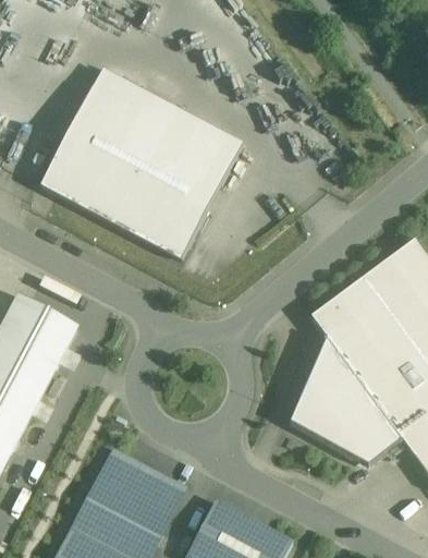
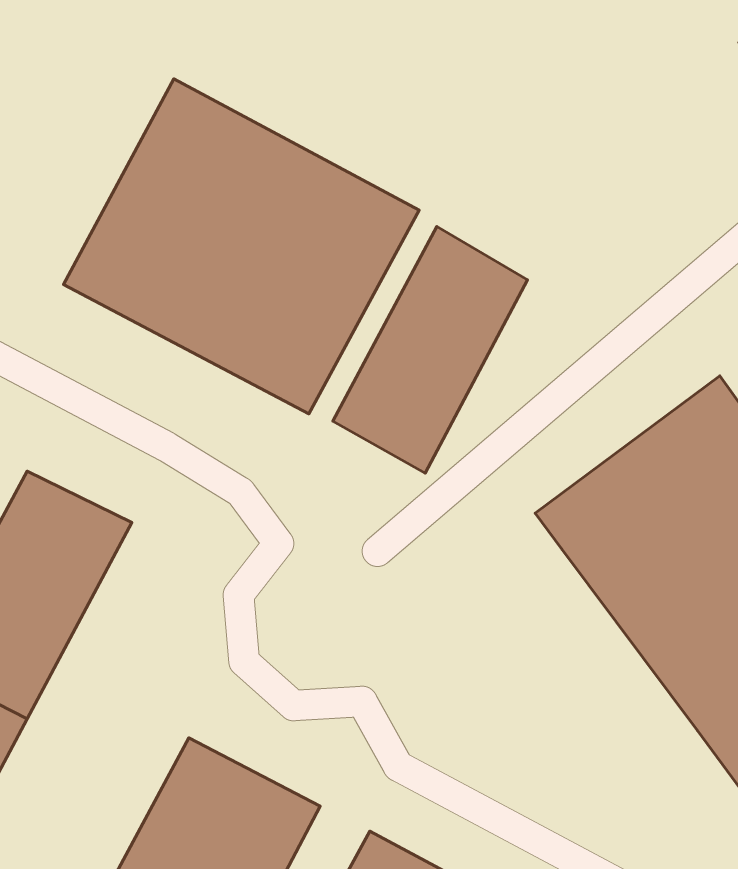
building: none -> [333,227,528,473]
building: [290,337,403,465] -> none

